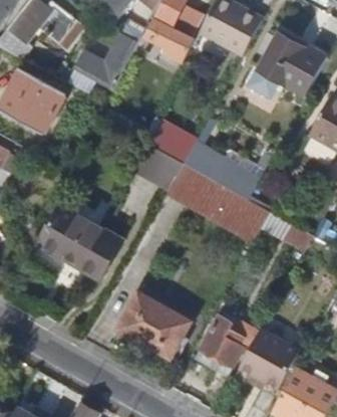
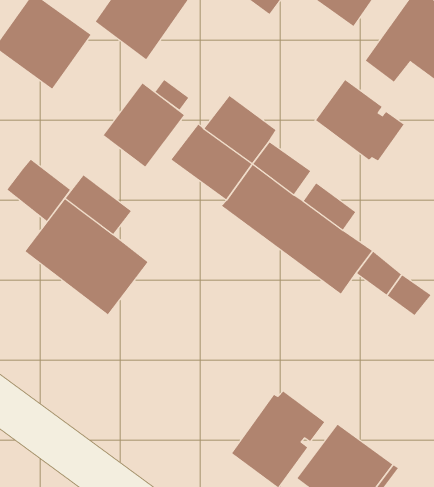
building: none -> [315,79,405,161]
building: none -> [103,83,185,168]
building: none -> [7,159,71,222]
building: [118,292,190,357] -> none

